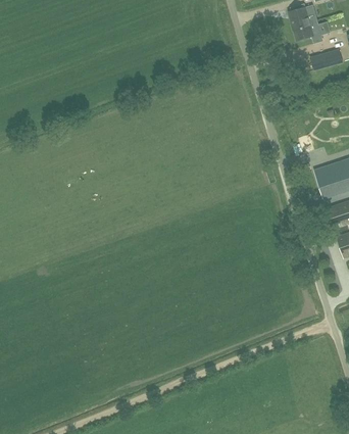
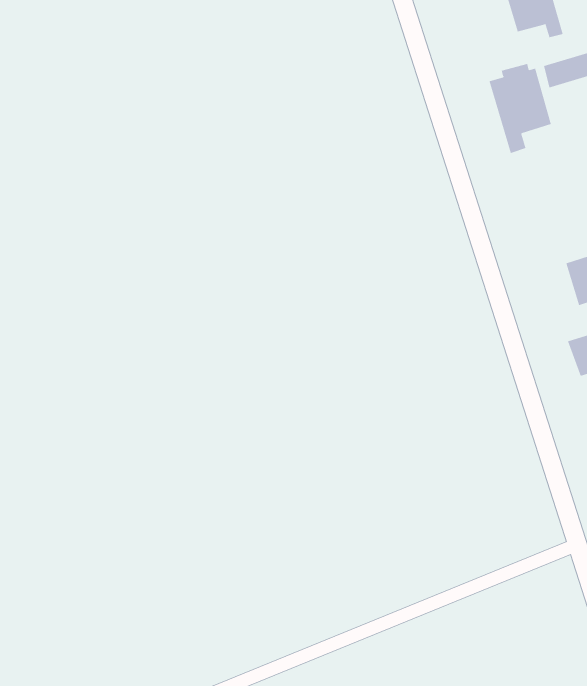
building: none -> [489,63,552,154]

